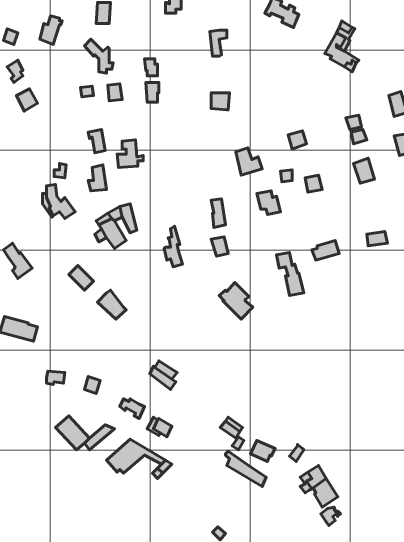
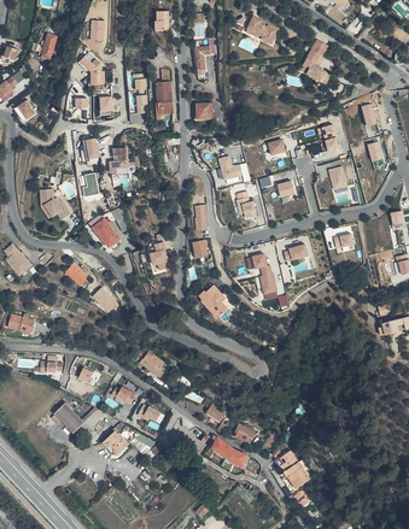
building: none -> [154,83,173,122]

